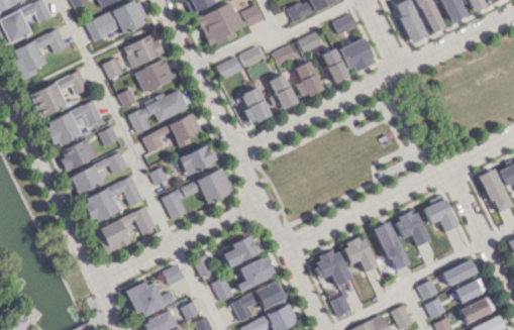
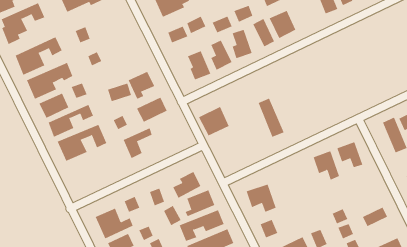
building: [122,35,165,68] -> none
building: [134,60,174,94] -> none
building: [127,89,192,133] -> none
building: [195,168,233,204] -> [198,106,230,136]
building: [95,209,155,254] -> none
building: [375,222,407,270] -> [258,98,284,137]
building: [342,236,376,271] -> none
building: [442,260,477,286] -> none
building: [459,297,495,323] -> none

